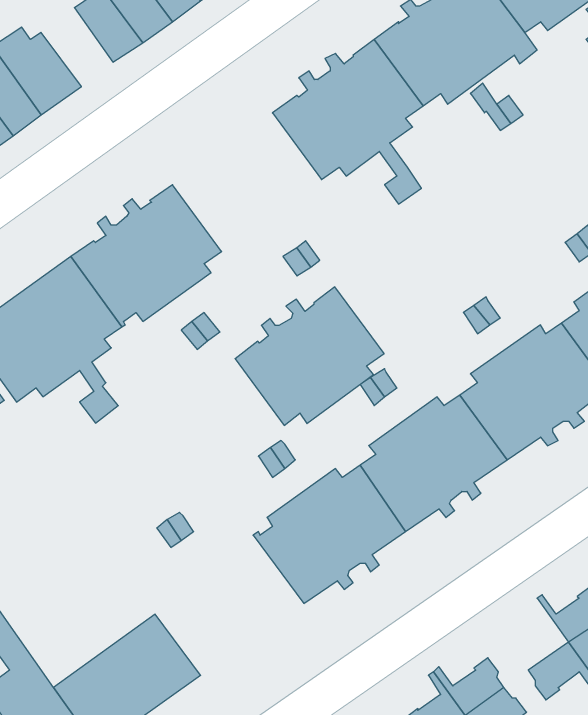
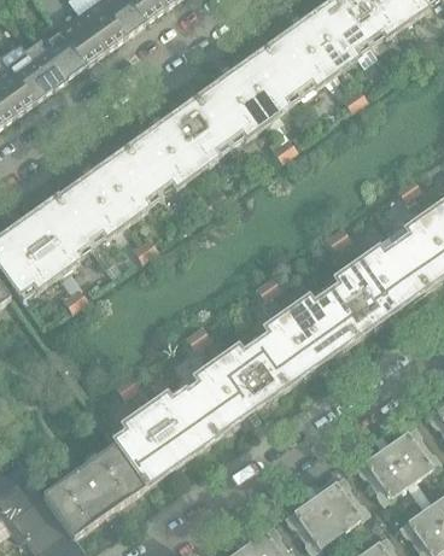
building: none -> [35,25,84,80]
building: [235,287,384,425] -> [125,98,228,193]
building: none -> [110,388,216,485]
building: none -> [356,432,398,481]

